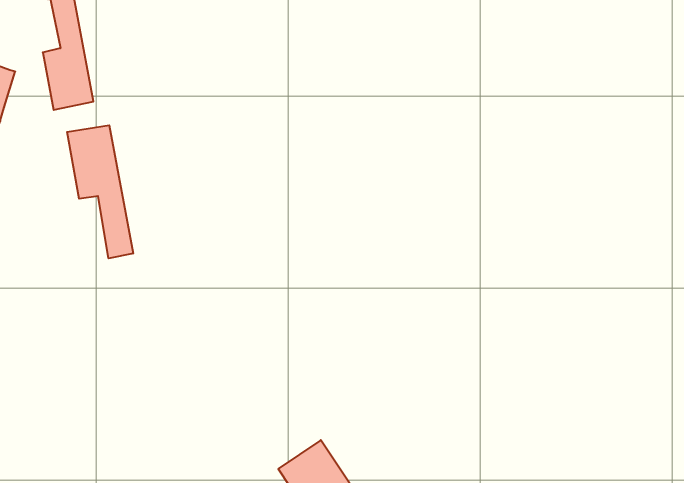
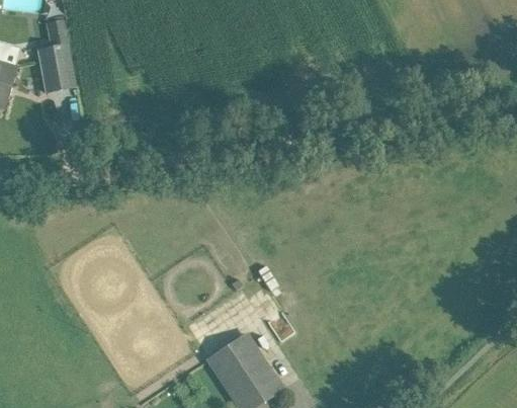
building: [67,125,133,258] -> none

